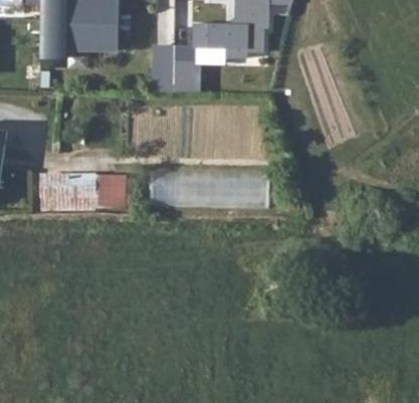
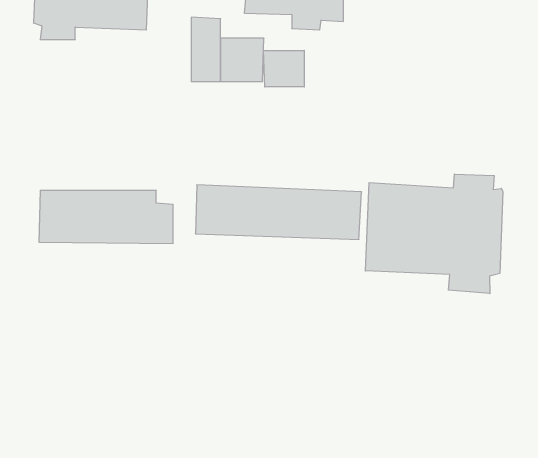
building: none -> [263,50,304,87]
building: none -> [365,174,503,294]

